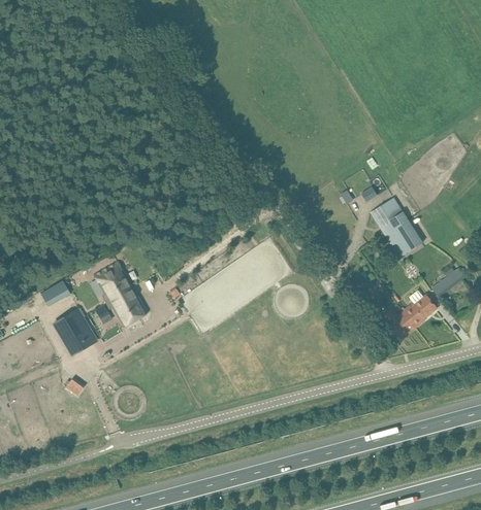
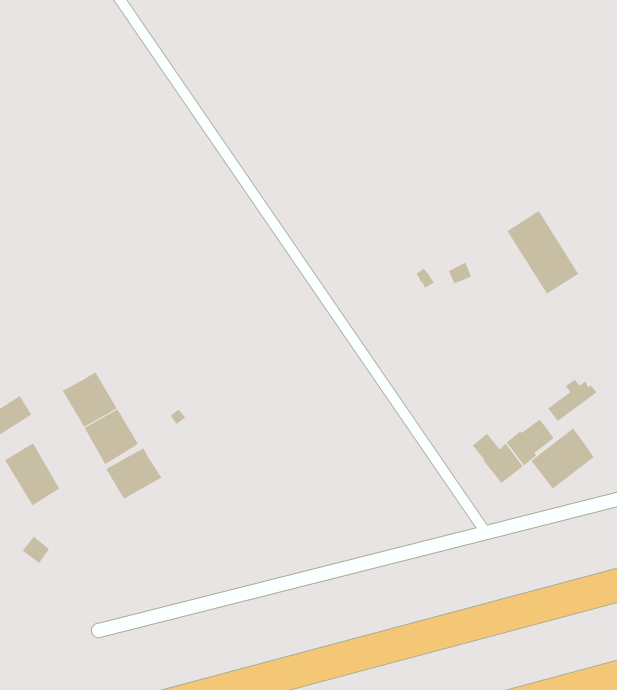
building: [371,198,421,257] -> [507,210,579,295]
building: none -> [531,427,595,489]
building: none -> [105,447,162,499]

